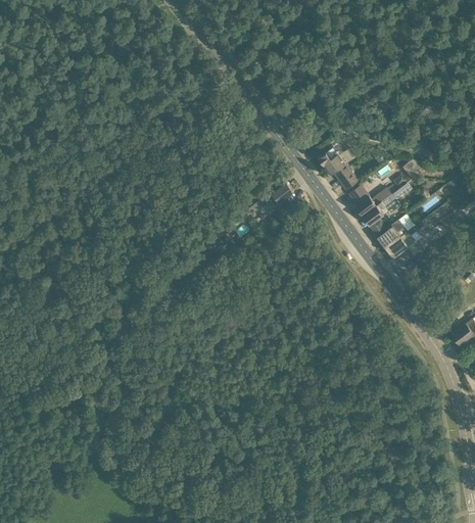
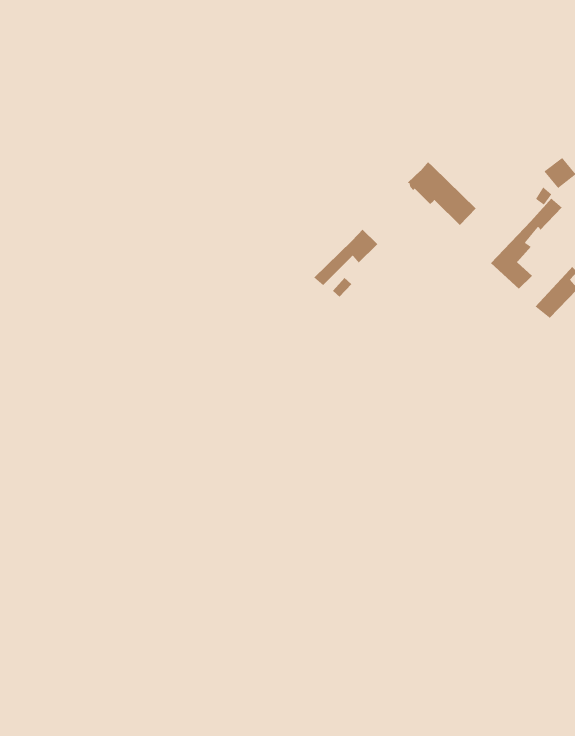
building: [349,184,391,217] -> none
building: [378,219,408,248] -> none

